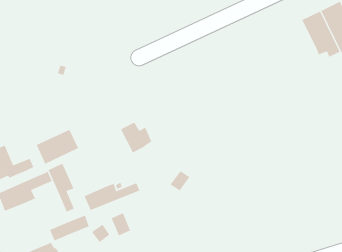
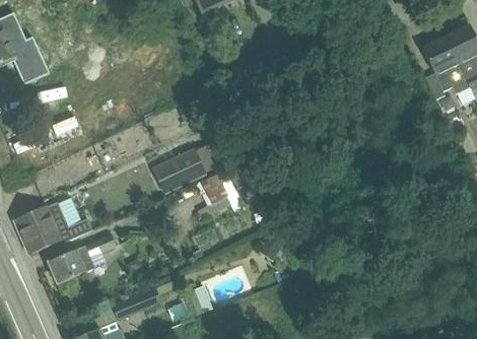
building: [36,129,79,165] -> [152,149,205,193]
building: [48,163,75,213] -> none
building: [84,182,140,211] -> none

